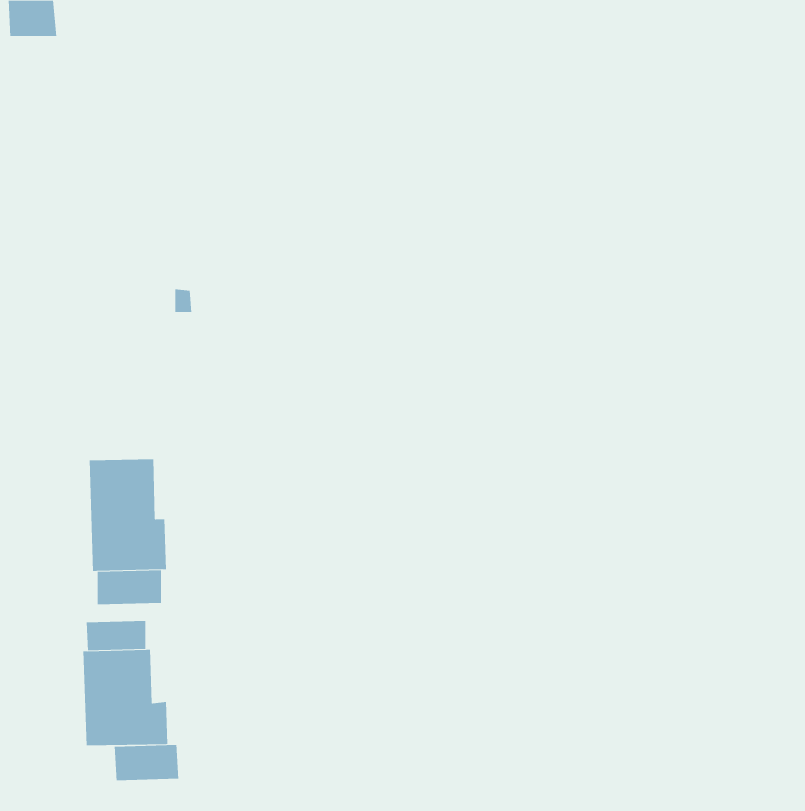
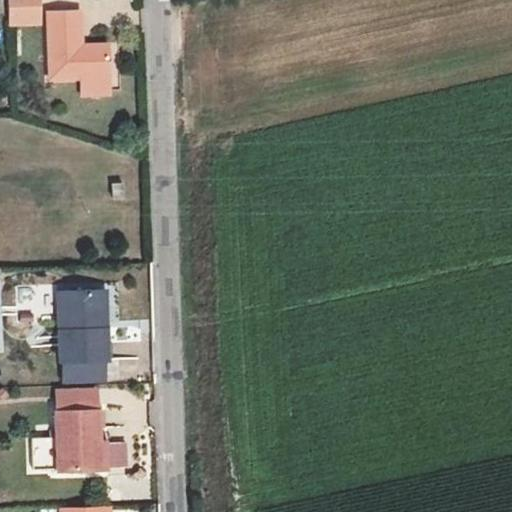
building: none -> [48,11,110,79]
building: [114,744,179,781] -> none

